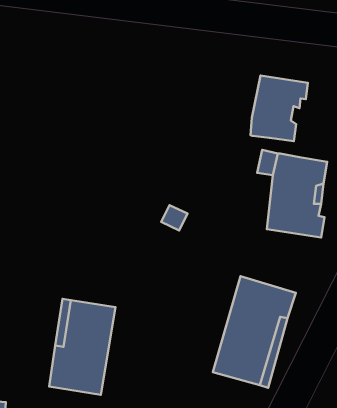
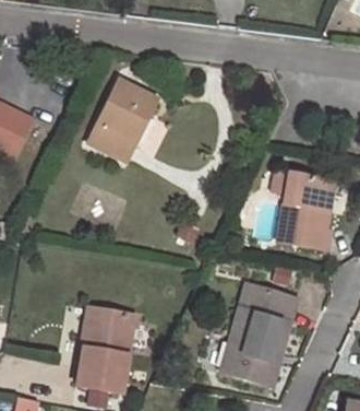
building: none -> [89,80,158,160]
building: [250,75,308,141] -> none

